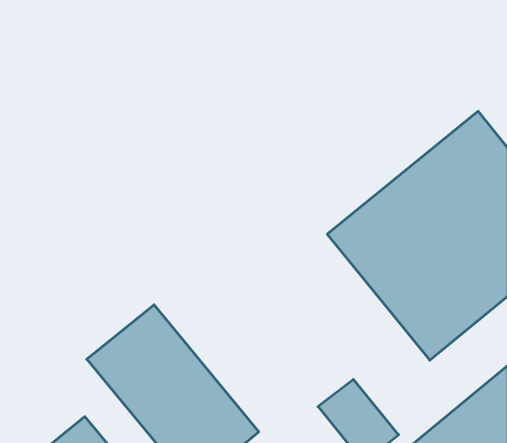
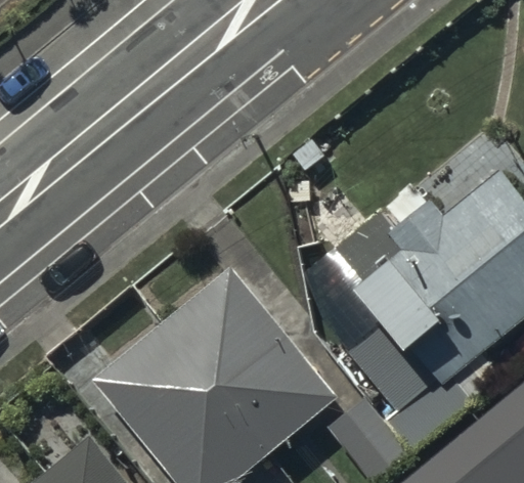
building: none -> [161,267,338,454]

